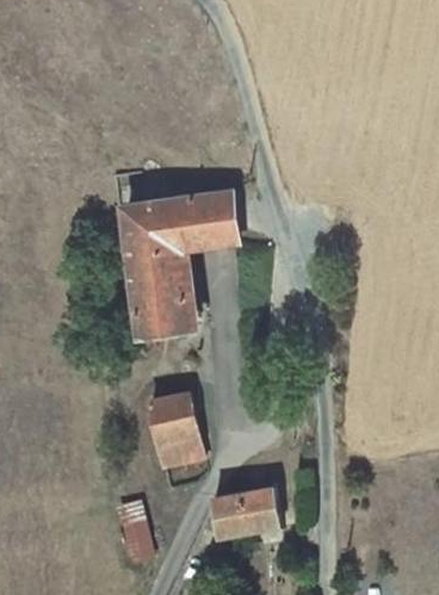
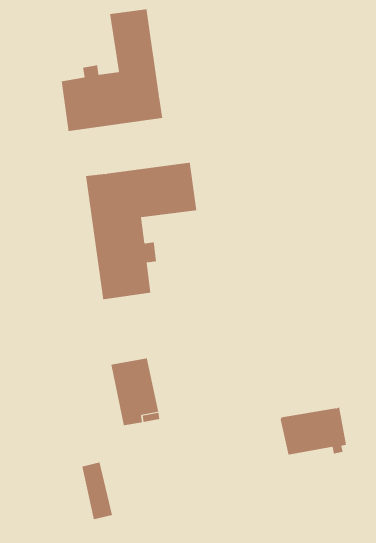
building: none -> [61,8,163,132]
building: [210,488,279,538] -> [280,407,347,455]

